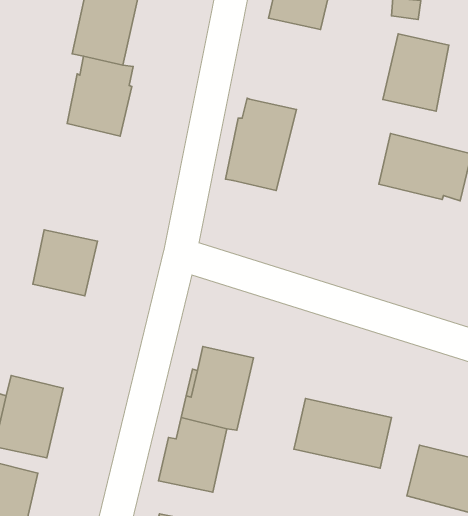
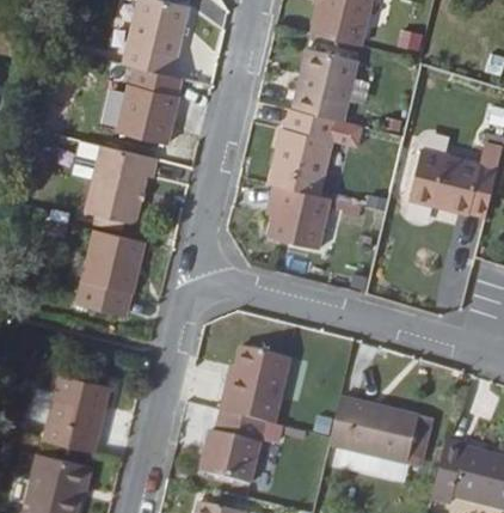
building: [383,34,449,111] -> [283,53,345,126]
building: none -> [79,152,152,230]
building: none -> [262,191,322,255]

